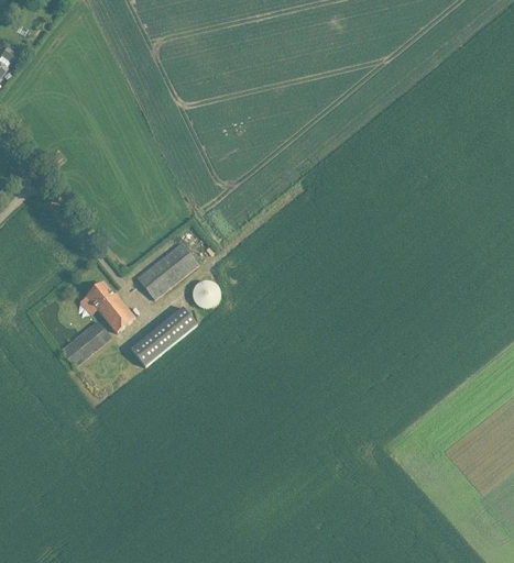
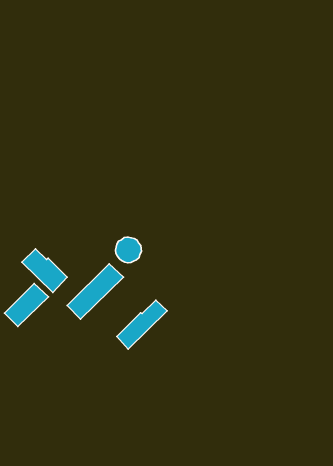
building: [136,242,198,299] -> none
building: none -> [117,300,167,349]

